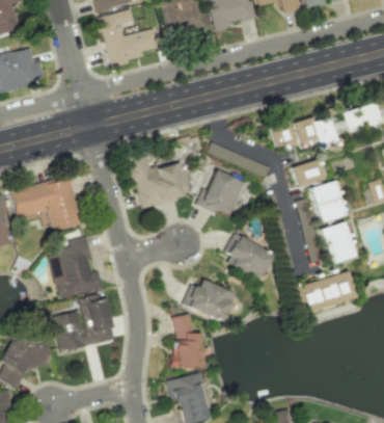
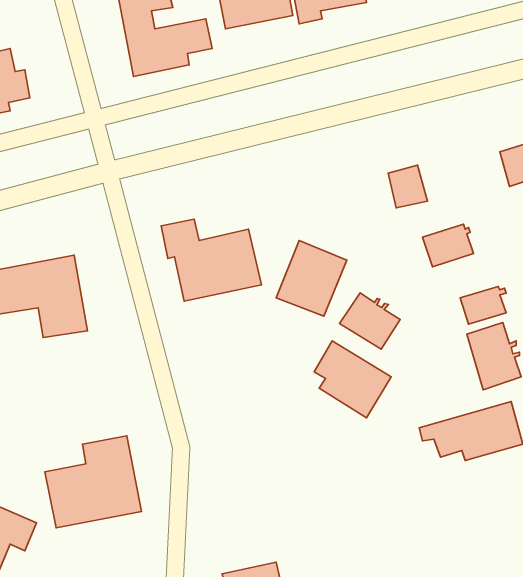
building: [294,117,345,147] -> none
building: [310,180,342,205] -> none
building: none -> [339,293,400,349]
building: [51,237,104,299] -> none
building: [183,280,235,323] -> none
building: [172,315,202,368] -> none

